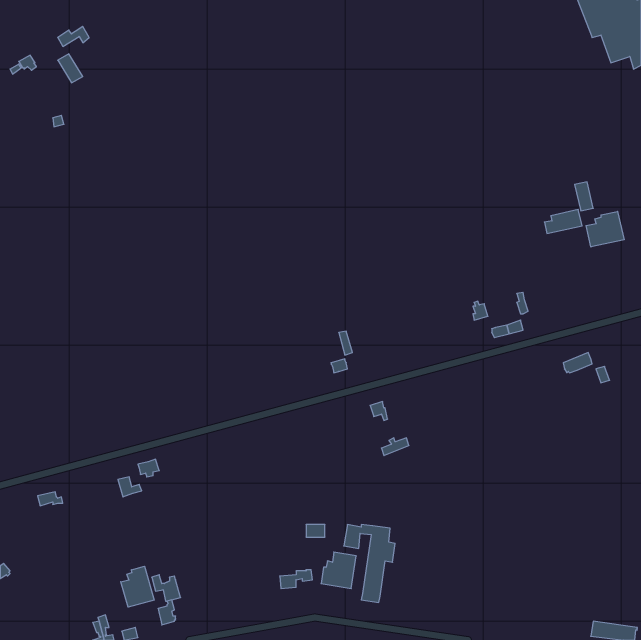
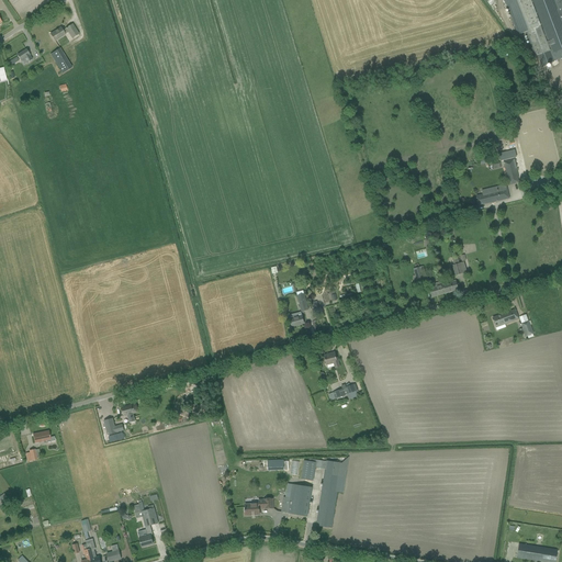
building: [586,211,624,247] -> none
building: [121,566,154,607] -> none

